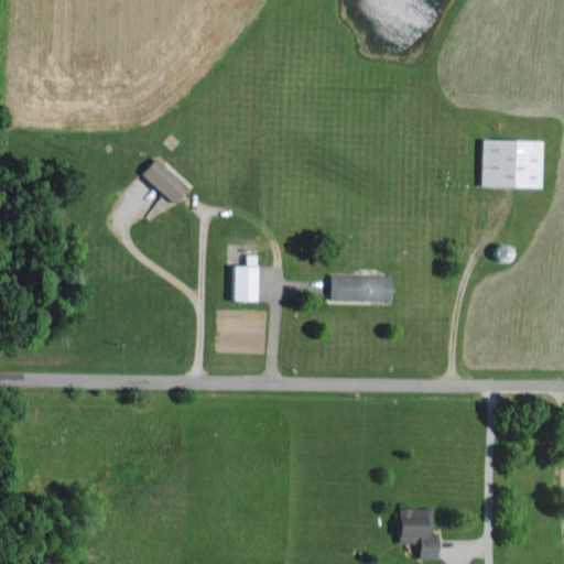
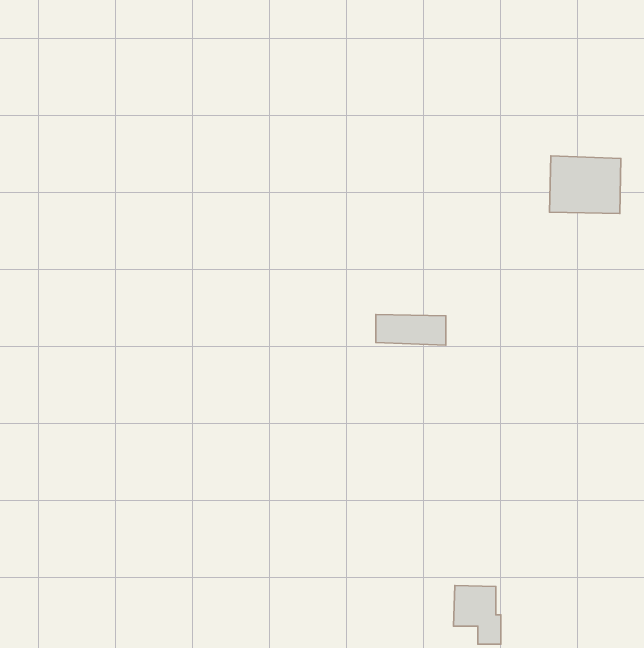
building: [142,158,189,204] -> none
building: [232,256,260,302] -> none

